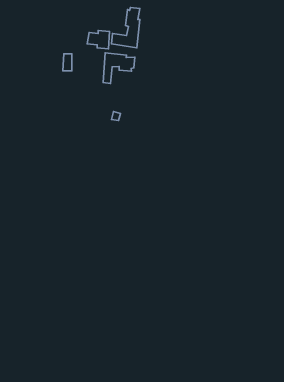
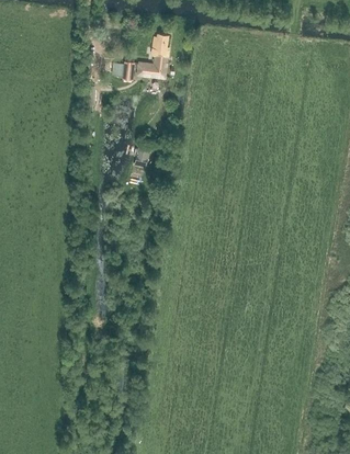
building: [103,53,135,84] -> none

